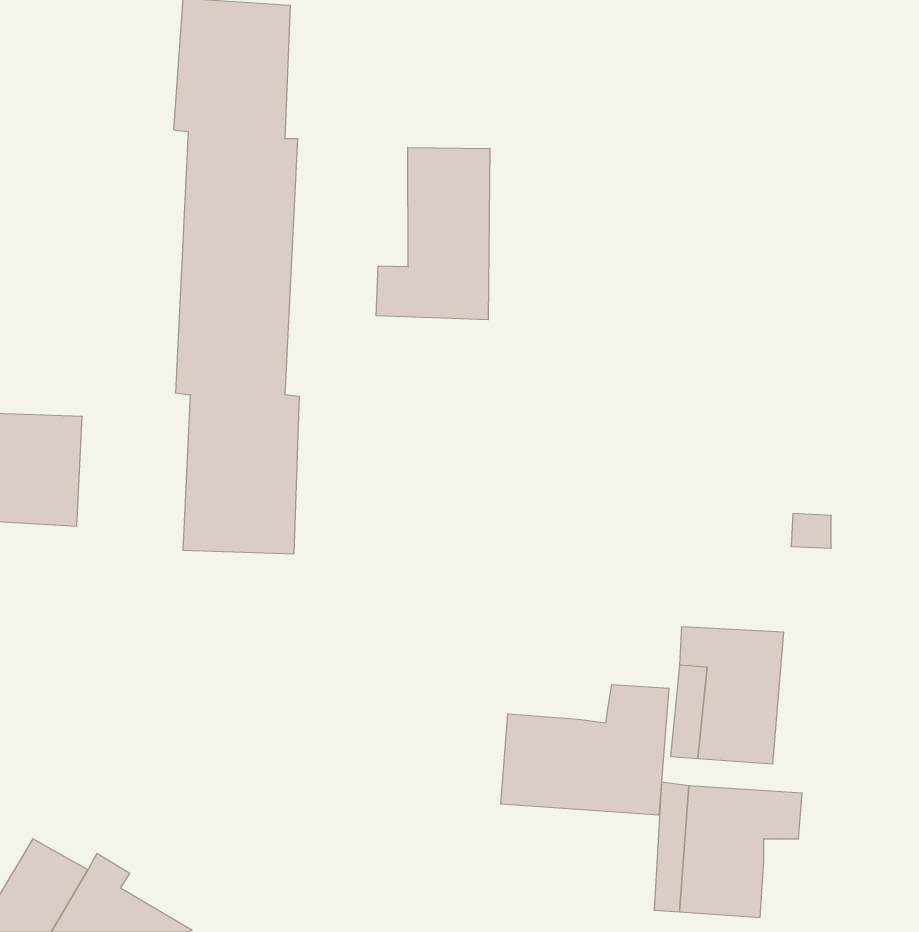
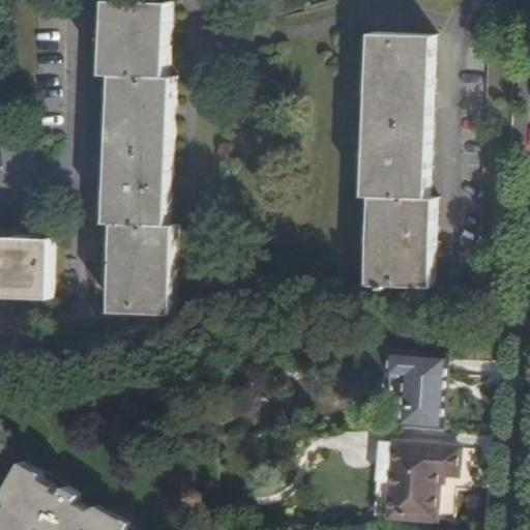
building: none -> [357,34,428,288]
building: [376,147,490,320] -> none
building: [501,684,669,815] -> none

